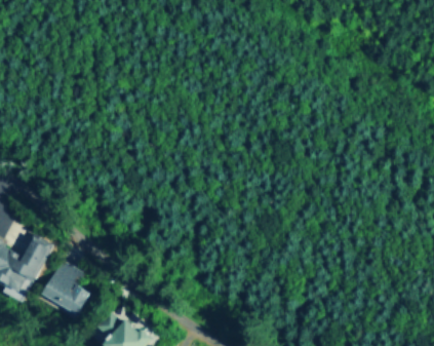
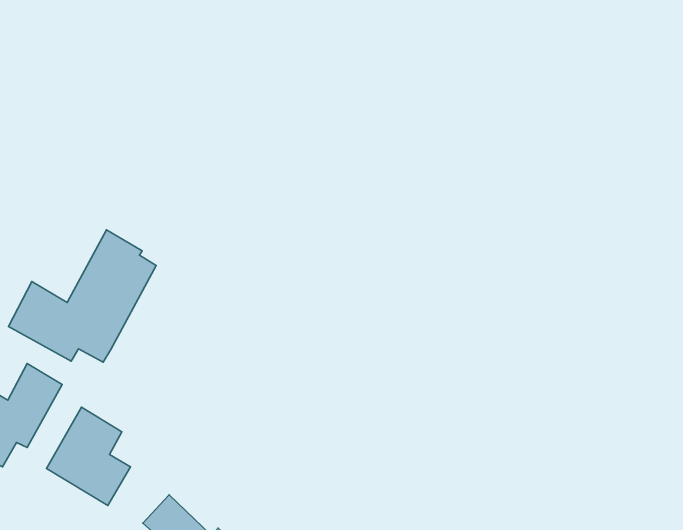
building: none -> [8,230,156,362]

